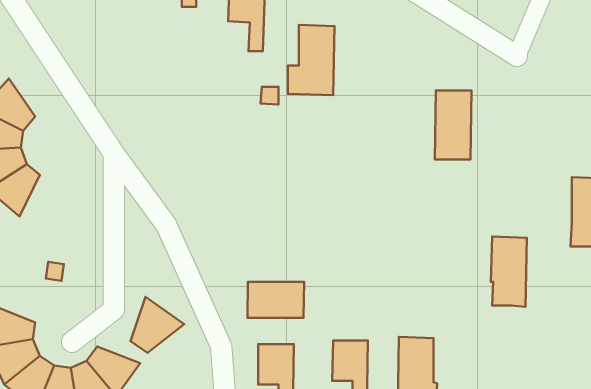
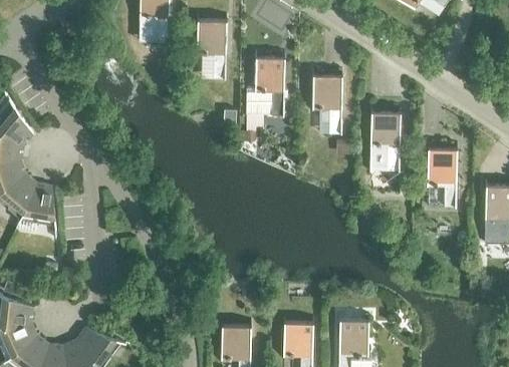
building: none -> [312,74,342,132]
building: none -> [20,182,55,225]
building: [491,236,527,307] -> [427,147,457,207]
building: [247,282,304,318] -> none
building: [131,297,184,353] -> none

